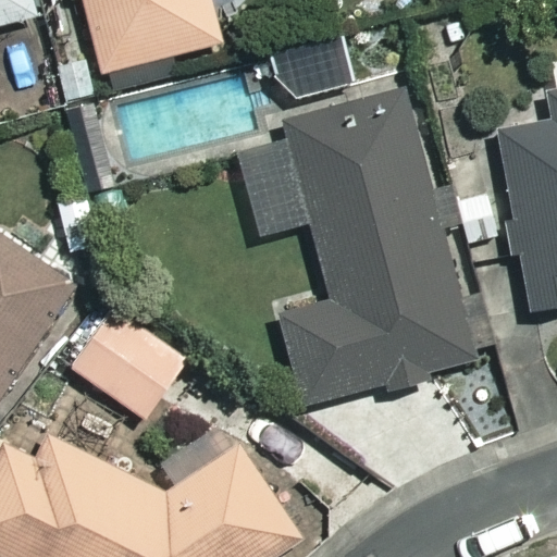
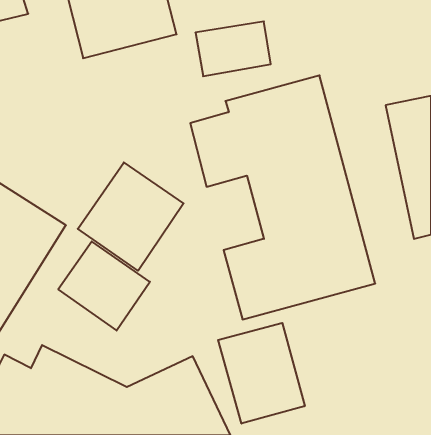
building: none -> [78,162,184,271]
building: none -> [218,323,305,424]

